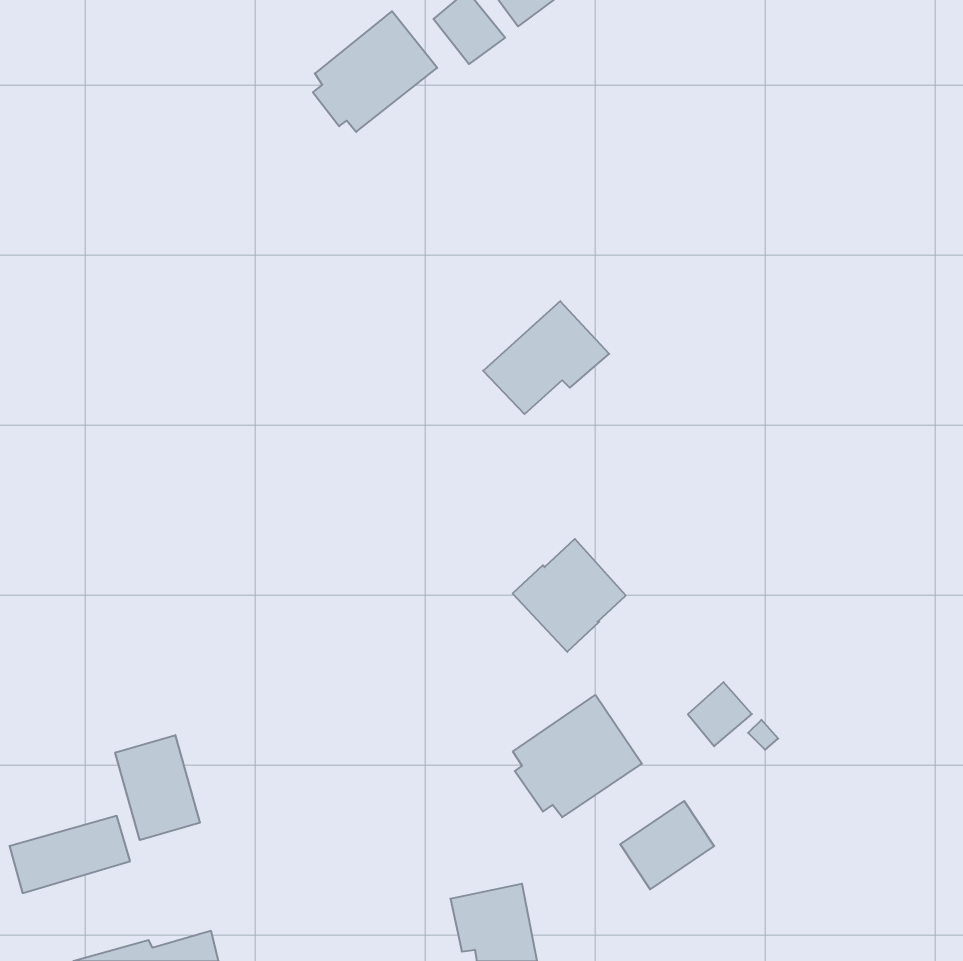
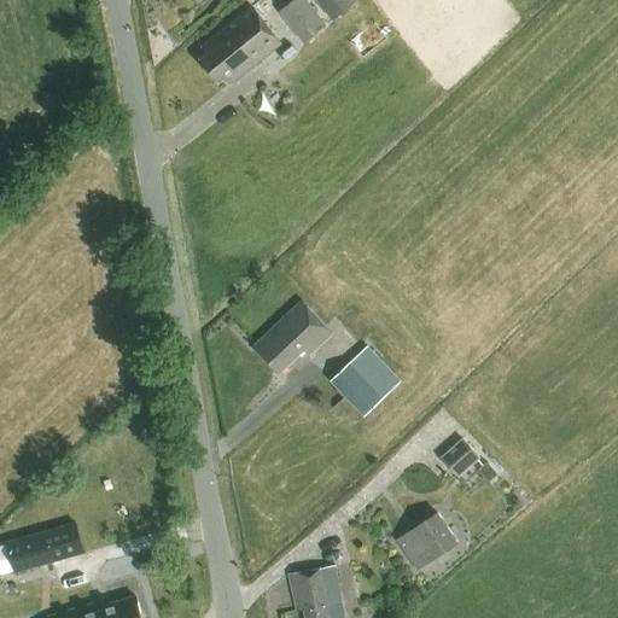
building: [483,301,609,414] -> [251,301,332,373]
building: [513,695,642,817] -> none
building: [115,735,200,840] -> none

